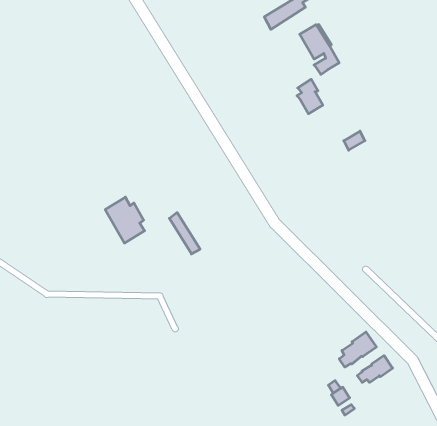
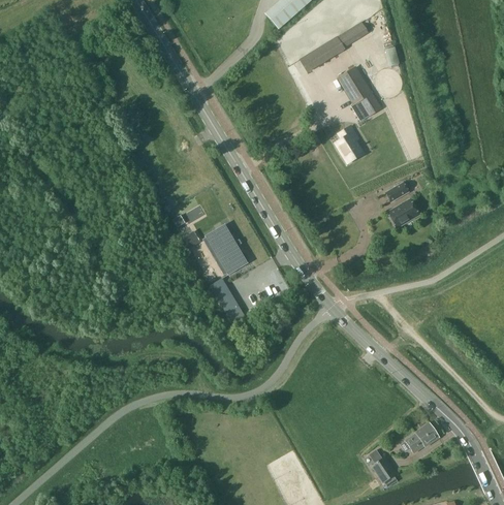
building: none -> [388,198,419,227]
building: [105,197,145,243] -> [203,225,246,275]
building: [339,332,376,367] -> none

